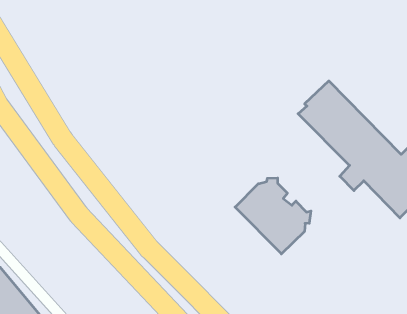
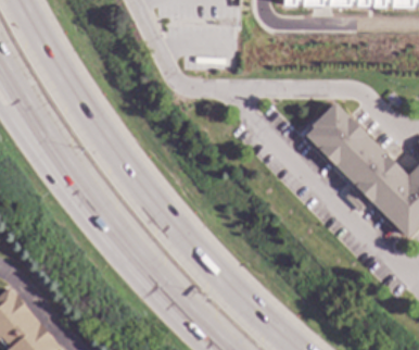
building: [235,178,311,254] -> none

